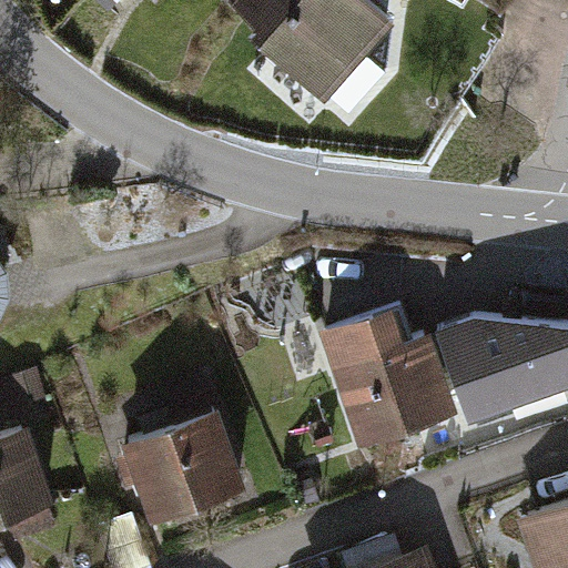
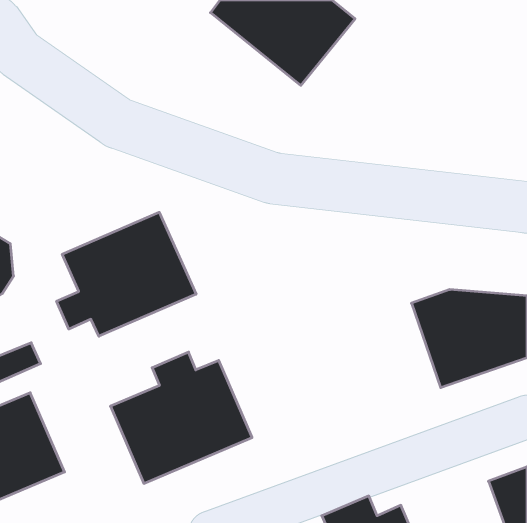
building: none -> [57,212,196,336]
building: [321,317,449,446] -> none

